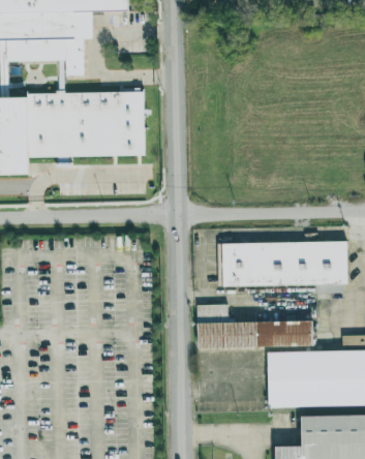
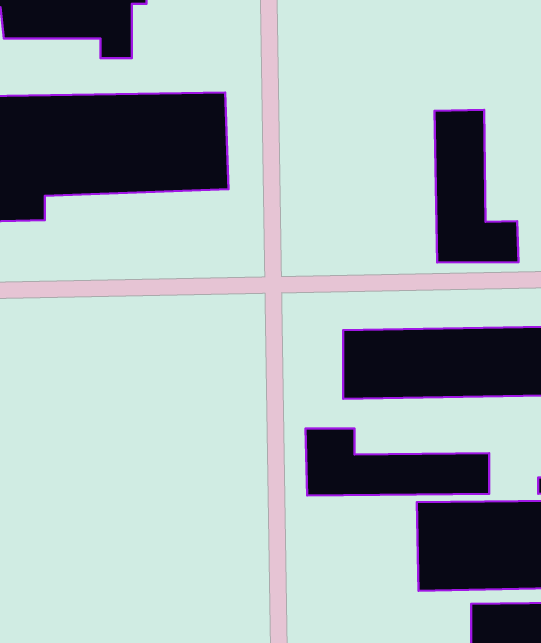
building: none -> [435,110,518,263]

